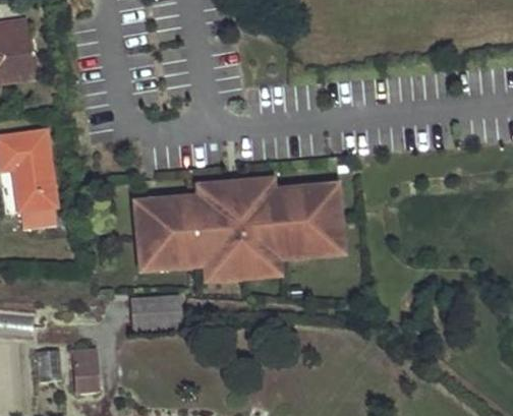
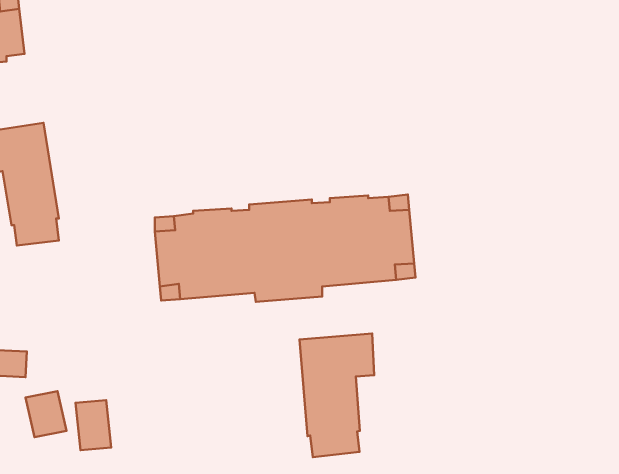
building: none -> [300,334,374,457]
building: [132,297,180,328] -> none

